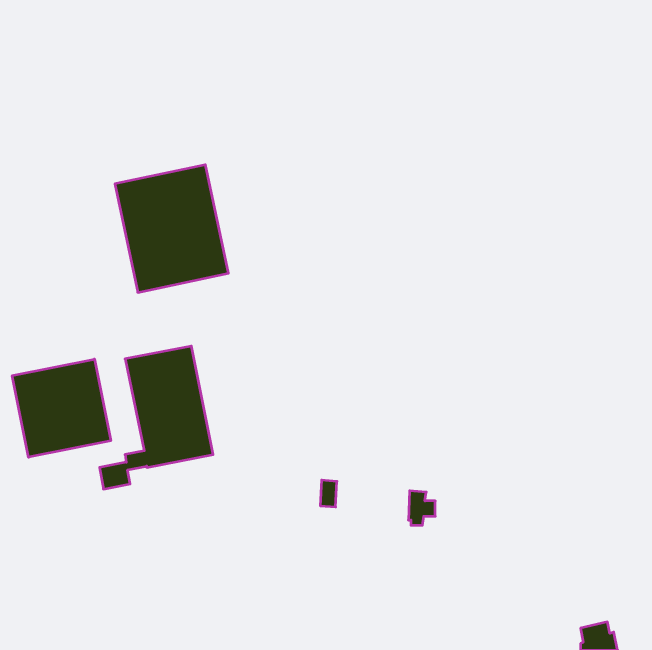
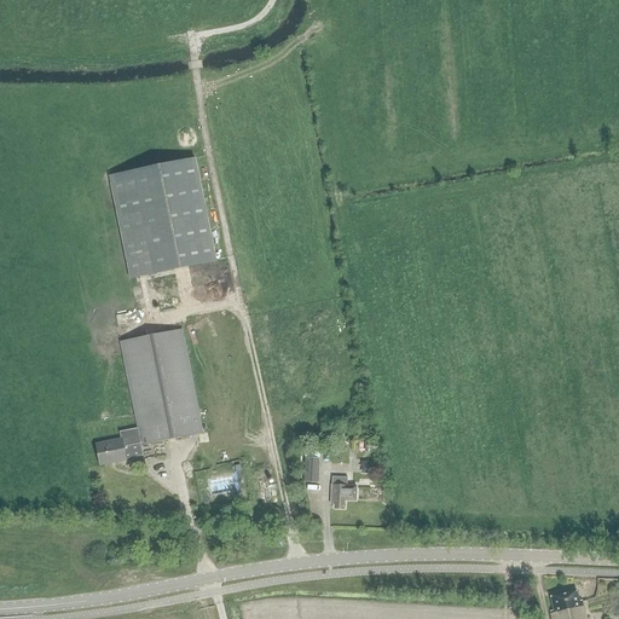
building: [12,359,111,457] -> none
building: [408,491,435,525] -> [330,474,355,507]

